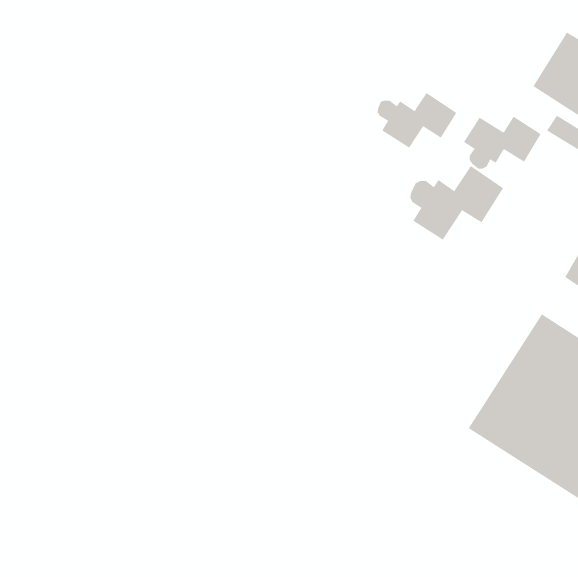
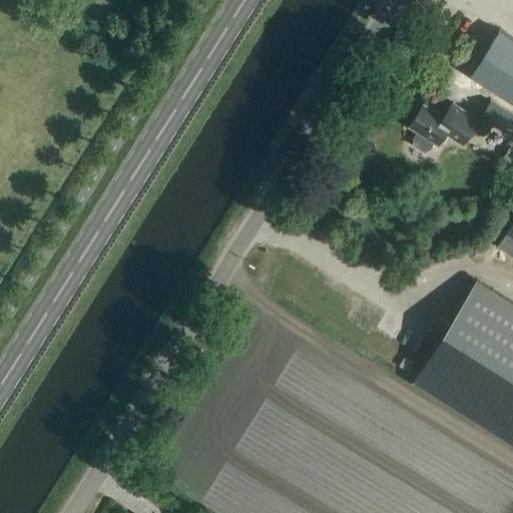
building: [377,92,457,148] -> none
building: [410,165,504,240] -> none

